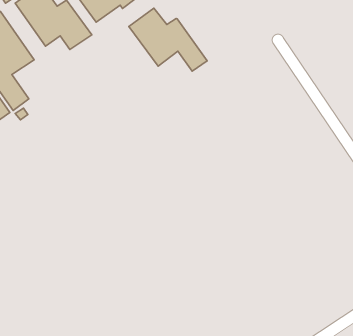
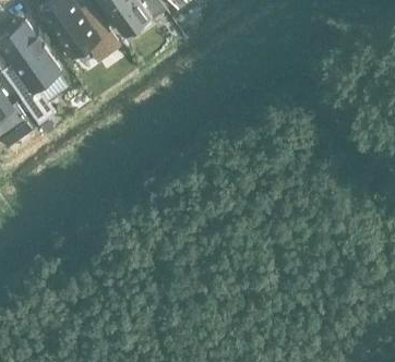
building: [129,8,207,71] -> none

